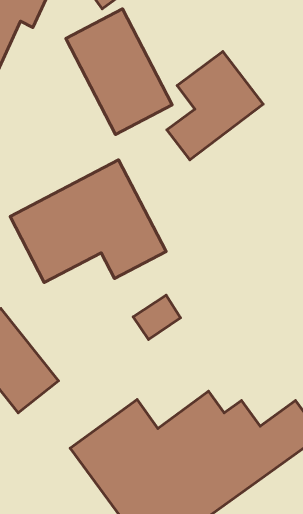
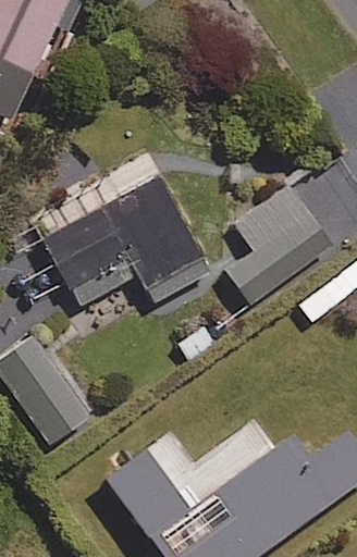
building: [66,9,172,135] -> none
building: [167,51,263,160] -> [226,191,328,306]

